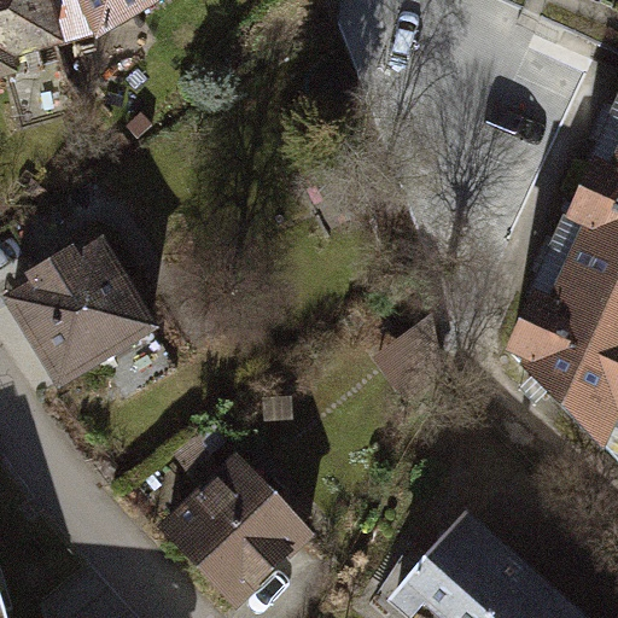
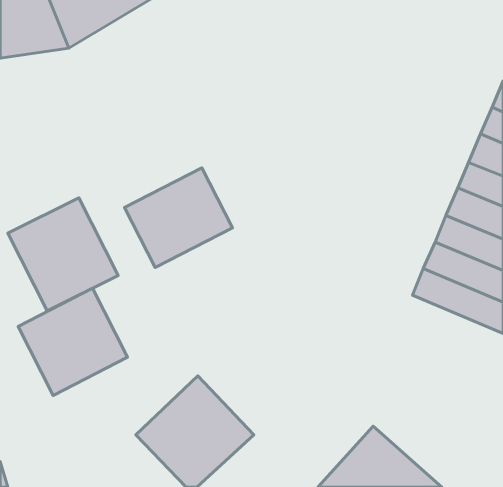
building: none -> [125,168,232,267]
building: none -> [18,288,128,395]

